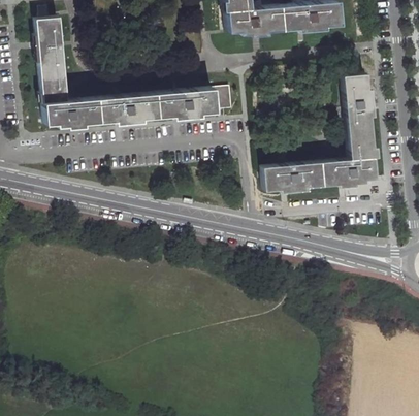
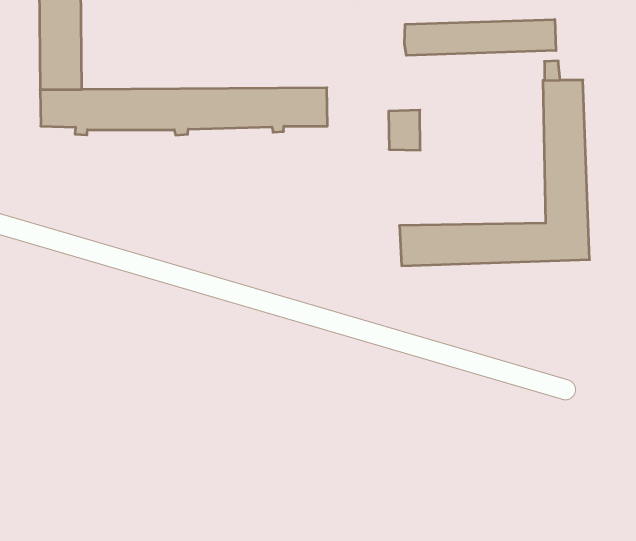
building: none -> [405,19,556,55]
building: [214,88,234,113] -> [389,110,420,150]

